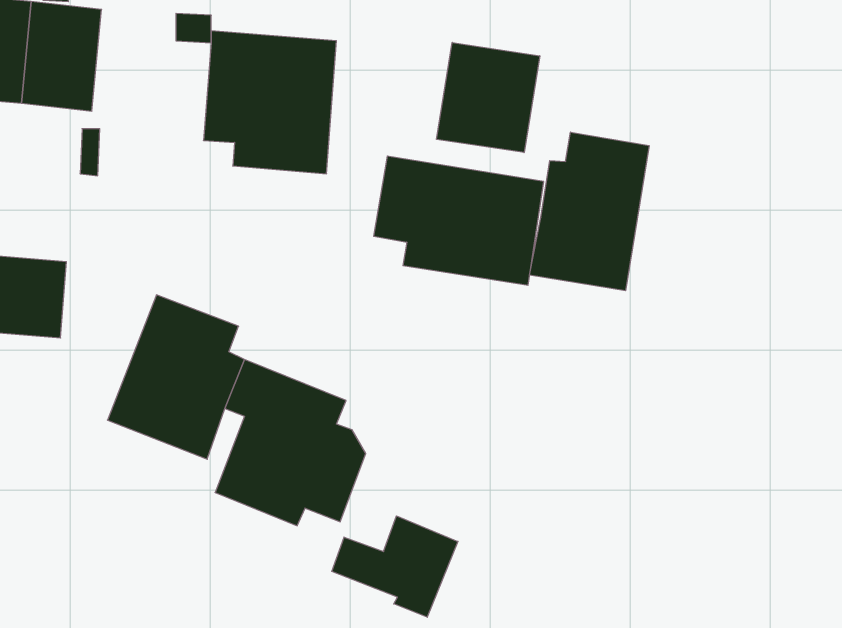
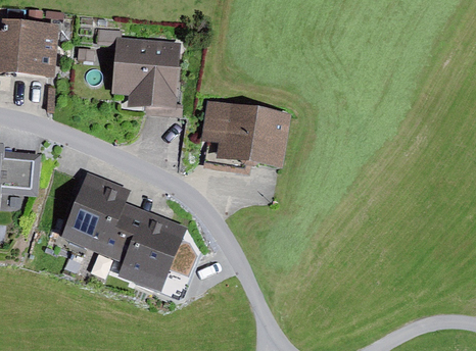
building: [437,42,540,153] -> none
building: [530,132,649,291] -> none
building: [332,516,458,617] -> none

